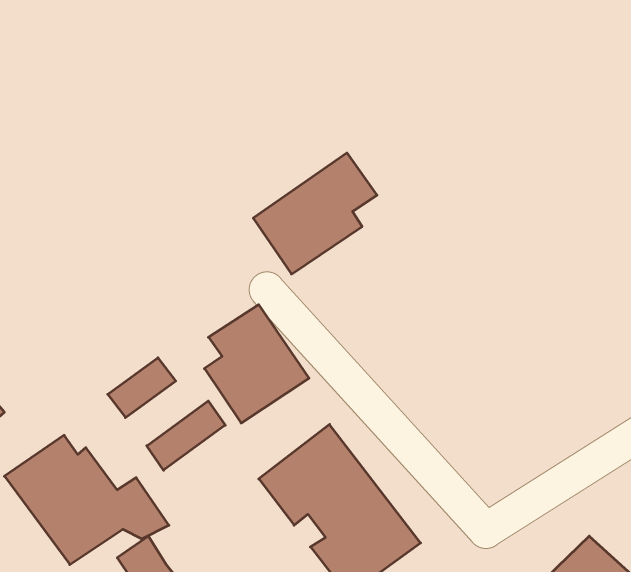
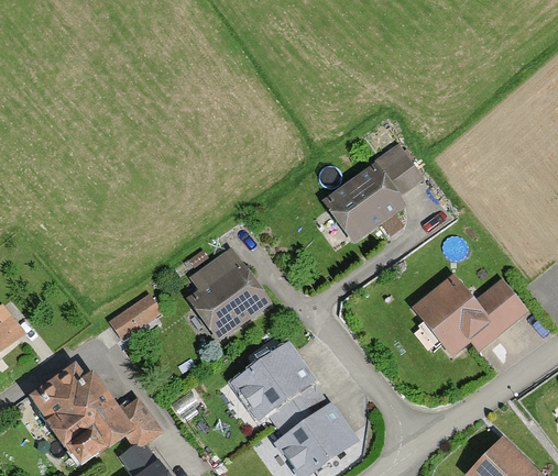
building: [253,153,377,274] -> [325,147,425,245]
building: none -> [406,272,521,357]
building: [147,401,225,470] -> none

